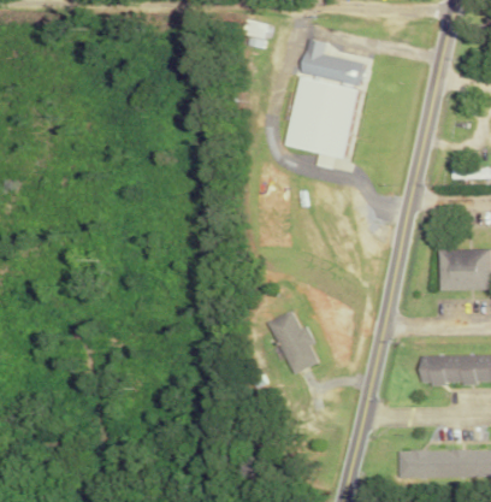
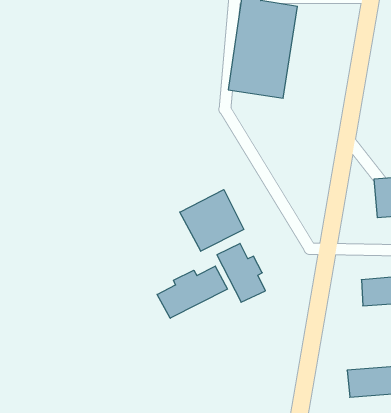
building: none -> [180,190,244,251]
building: none -> [157,266,227,318]

